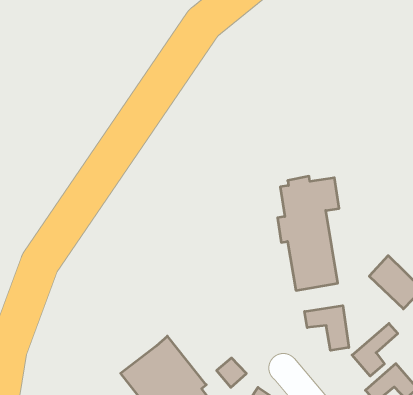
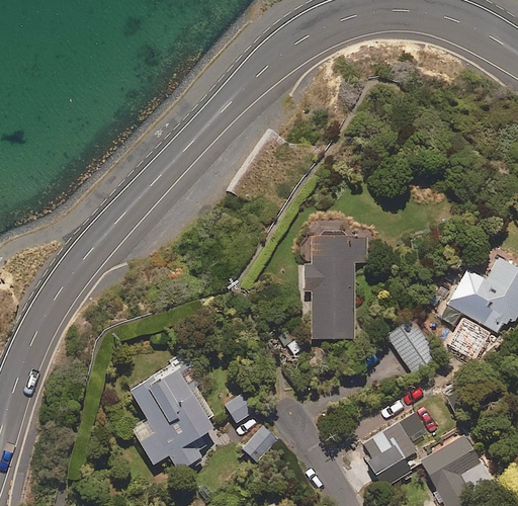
building: [305,306,349,350] -> none
building: [352,323,398,376] -> none

